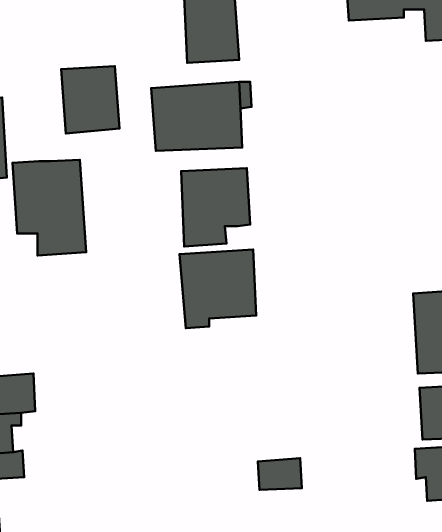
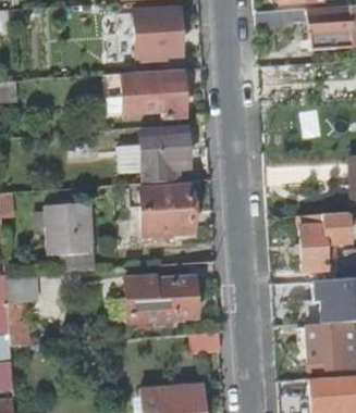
building: [61,66,119,134] -> none
building: [12,160,86,255] -> [42,204,94,271]
building: none -> [126,273,197,316]

